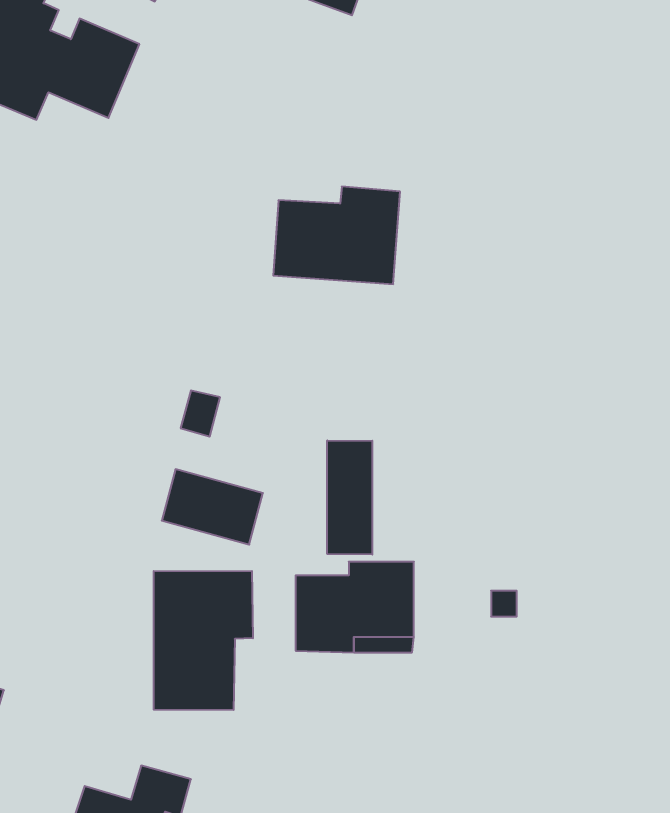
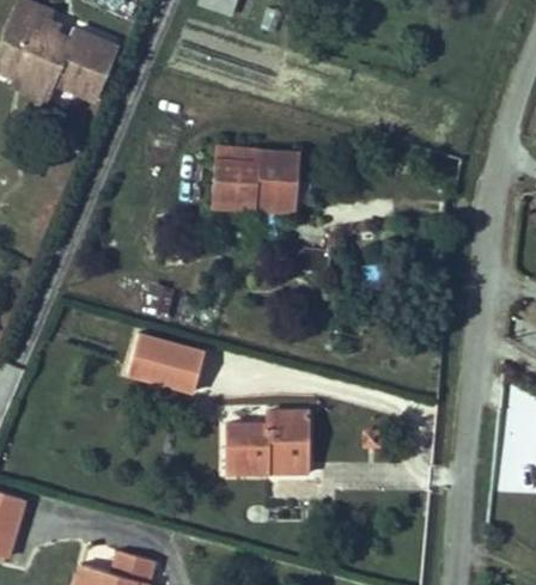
building: [327,440,372,555] -> none
building: [154,571,253,710] -> none

